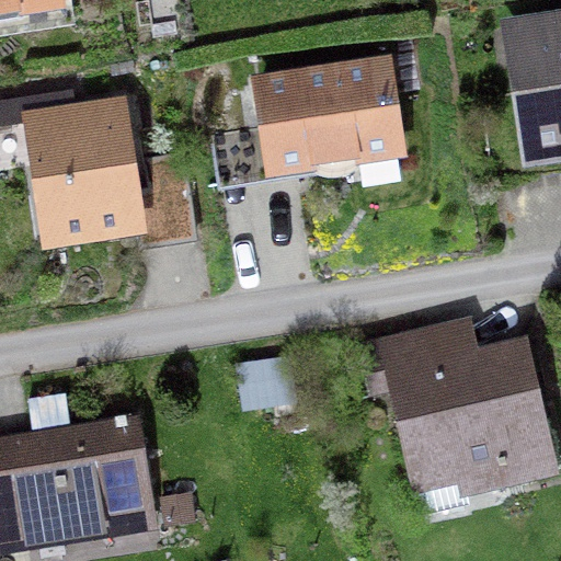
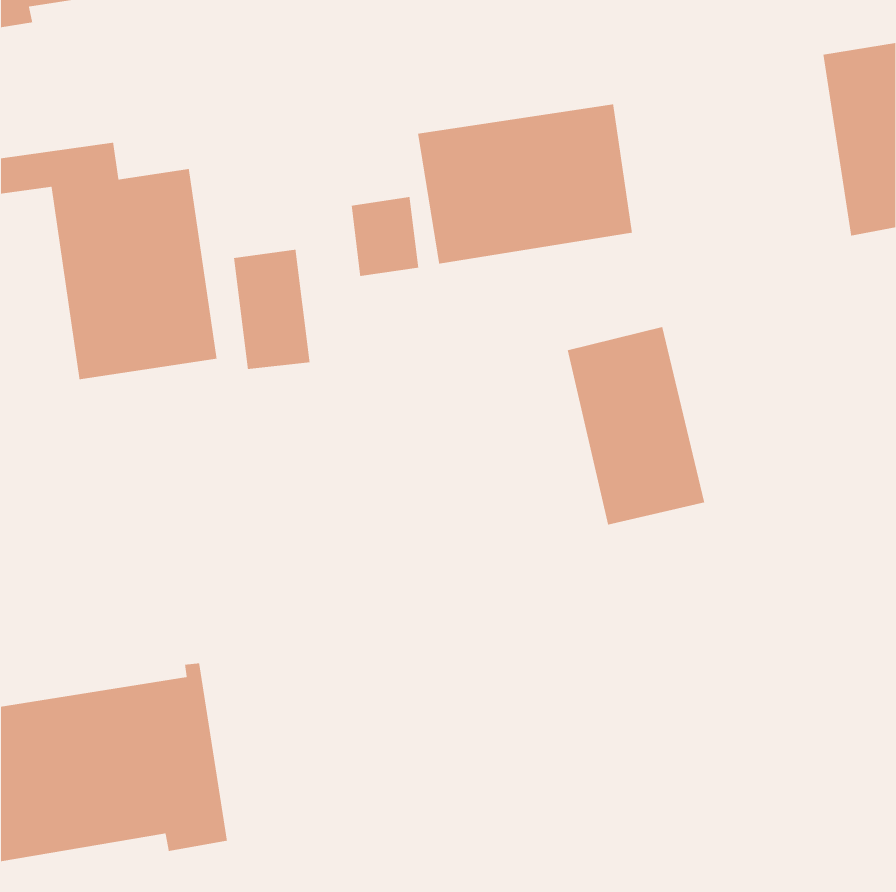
building: none -> [567,326,705,526]
building: [362,331,553,510] -> none

